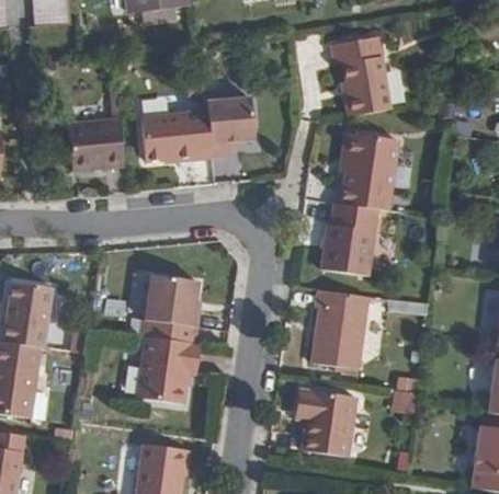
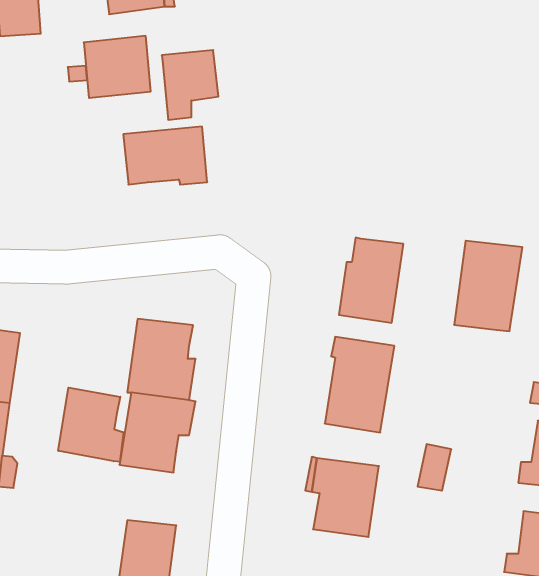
building: [332,35,392,116] -> none
building: [206,96,254,156] -> [162,50,218,120]
building: [67,115,124,168] -> [84,36,151,98]
building: [342,133,400,209] -> [454,241,522,331]
building: none -> [58,388,124,462]

